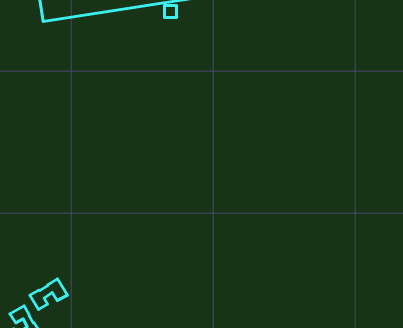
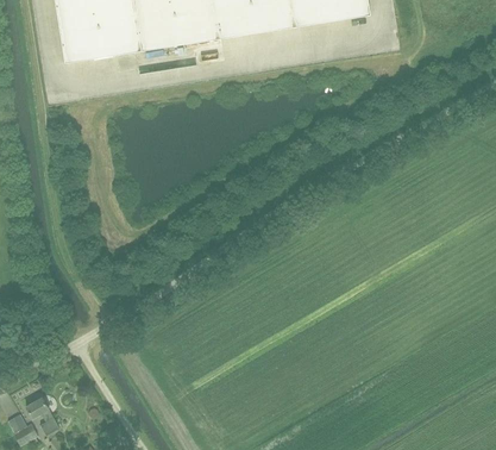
building: [30,279,68,309] -> none

